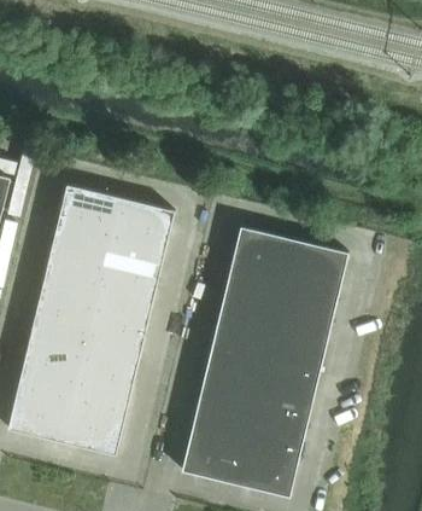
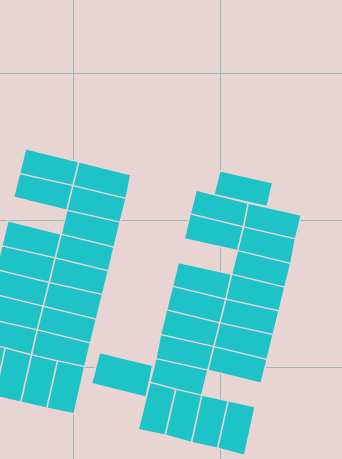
building: [48,233,109,271] -> none
building: [222,275,282,312] -> [214,171,273,206]
building: none -> [92,353,153,397]
building: [246,410,306,447] -> none

